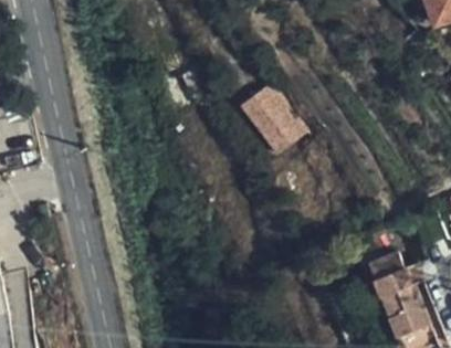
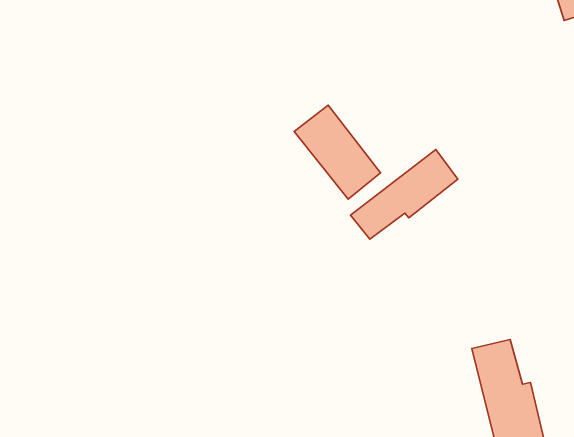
building: none -> [351,150,458,239]

